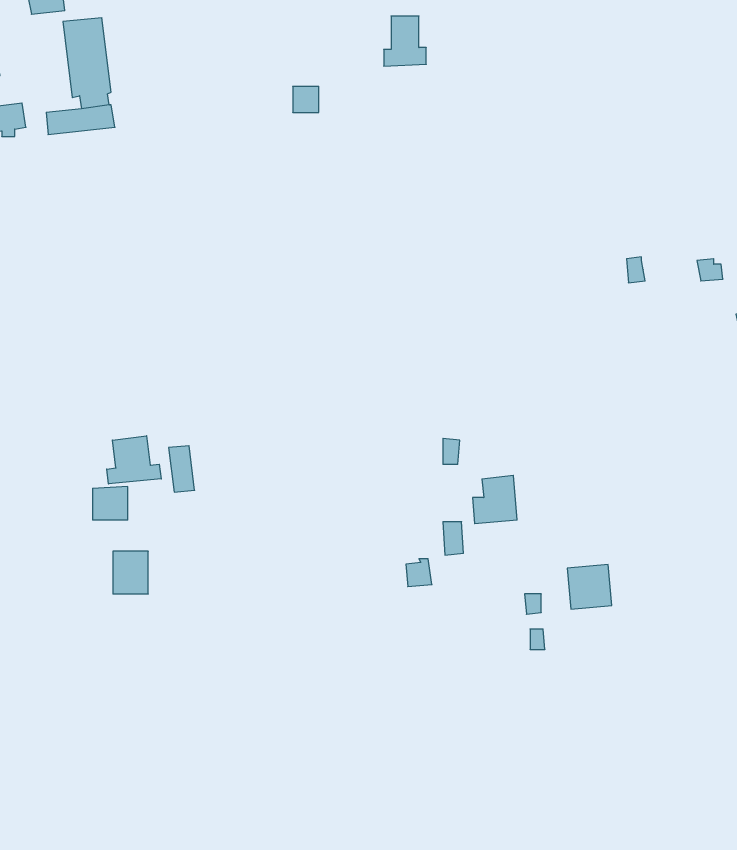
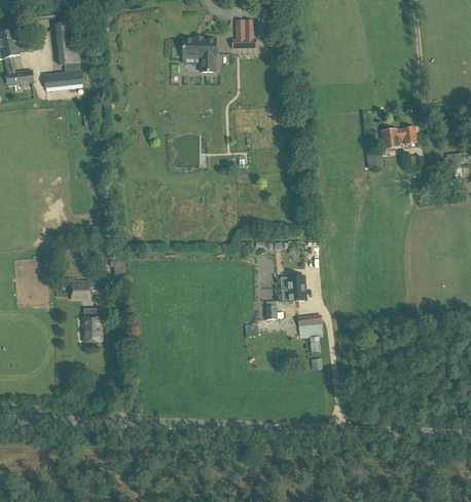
building: none -> [182,37,215,71]
building: none -> [381,125,415,148]
building: [107,436,161,484] -> none
building: [567,565,612,609] -> [297,313,322,338]

